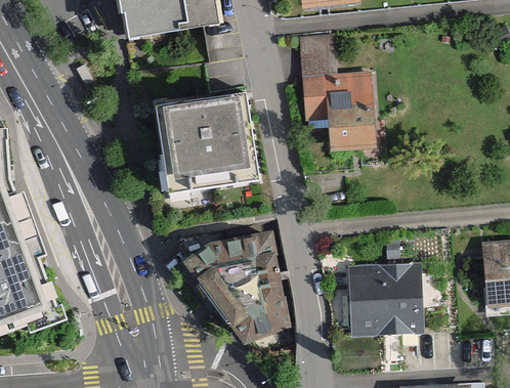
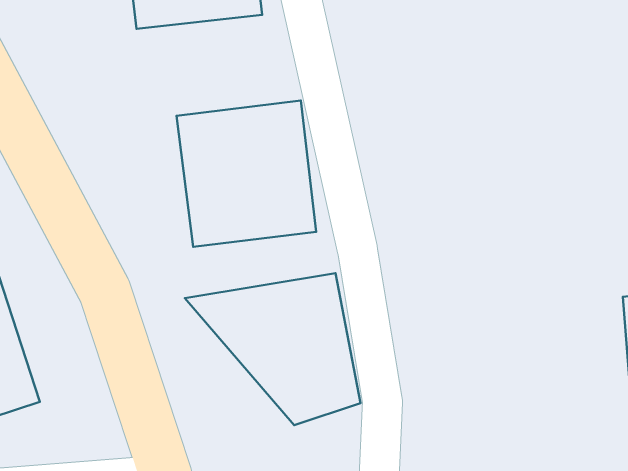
building: [295,37,379,149] -> none
building: [348,263,421,336] -> none

